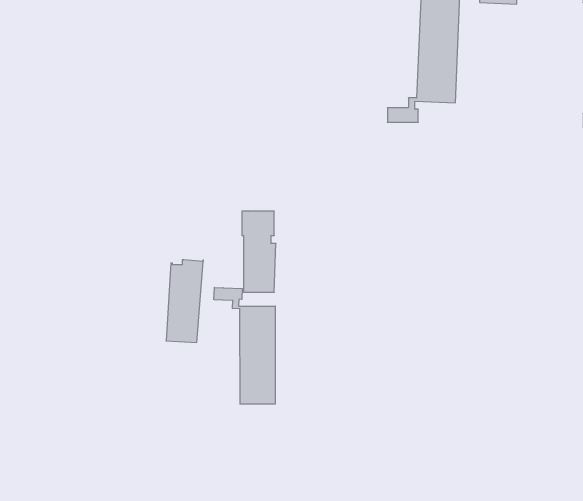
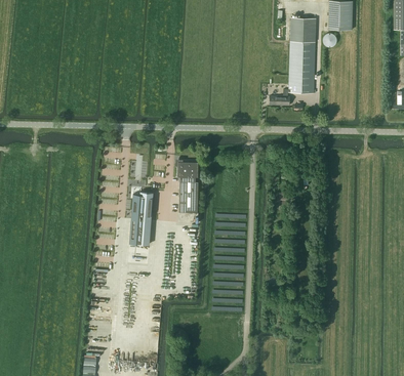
building: [214,287,275,404] -> none

